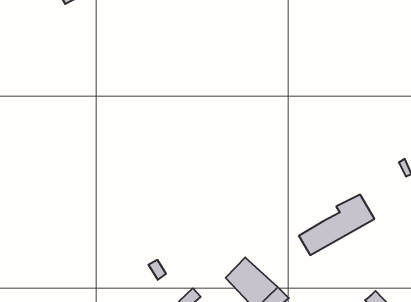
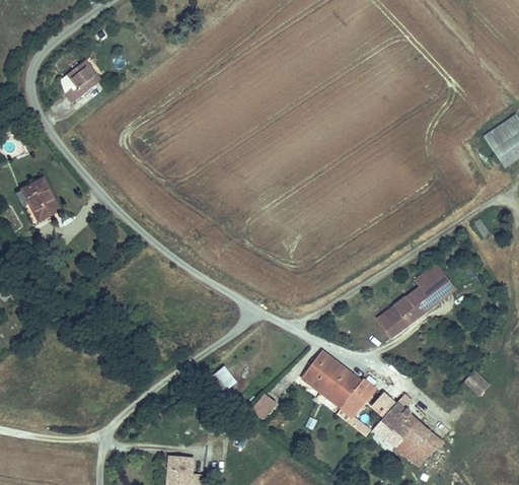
building: none -> [22,176,59,217]

